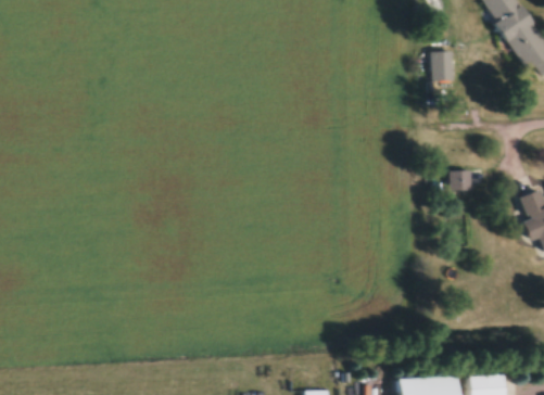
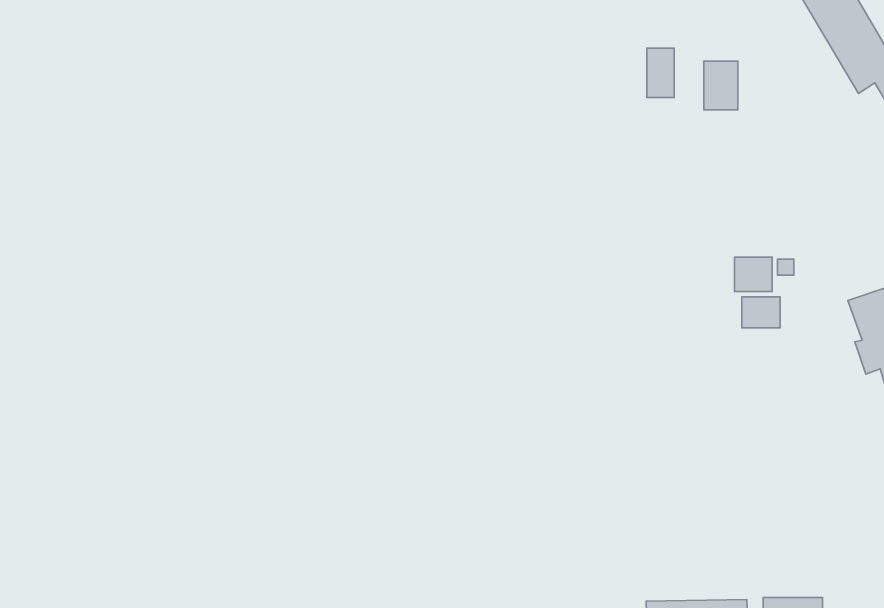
building: none -> [647,48,674,97]
building: none -> [742,297,780,328]

